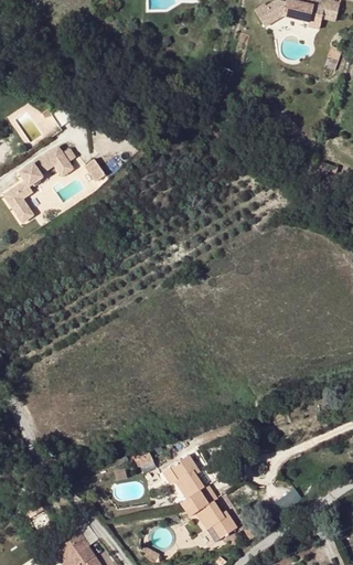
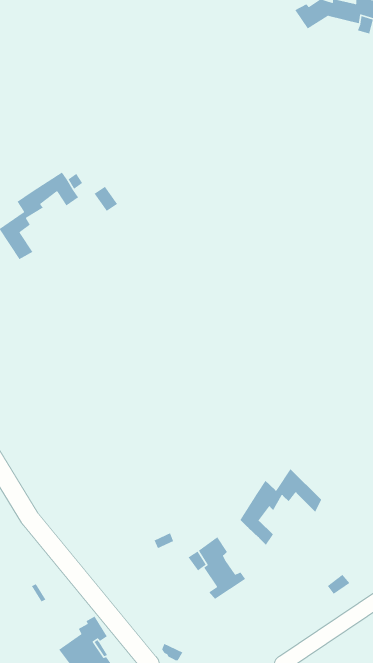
building: none -> [240,468,322,546]
building: [186,491,237,542] -> none

